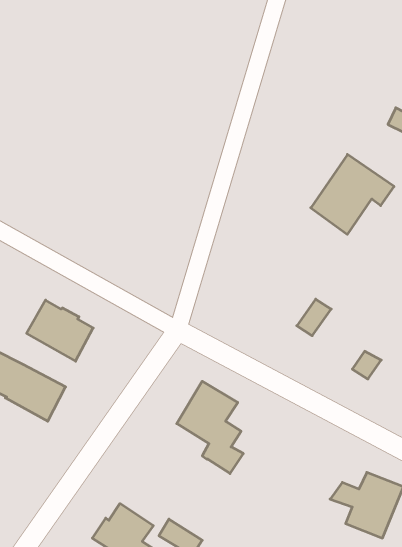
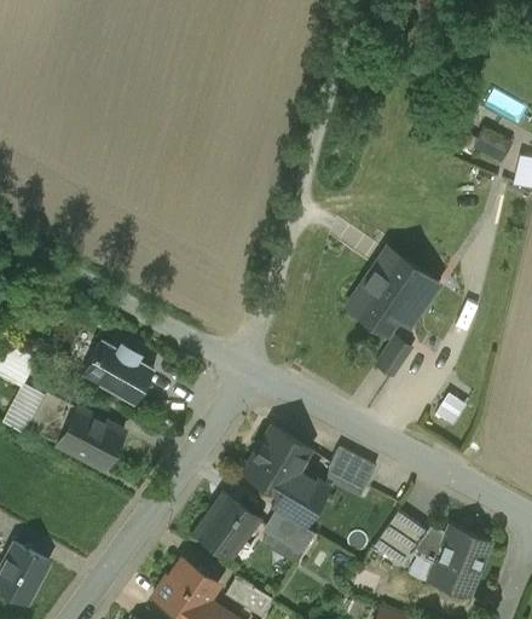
building: [311,154,394,234] -> [347,250,438,337]
building: none -> [329,447,376,486]
building: none -> [196,496,258,559]
building: none -> [267,513,314,554]
building: none -> [374,513,428,568]

